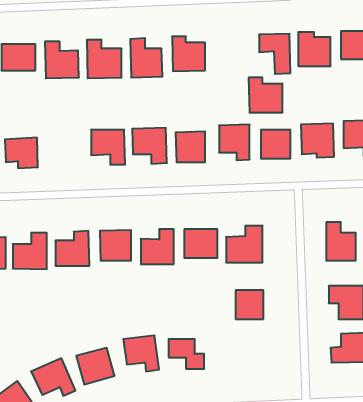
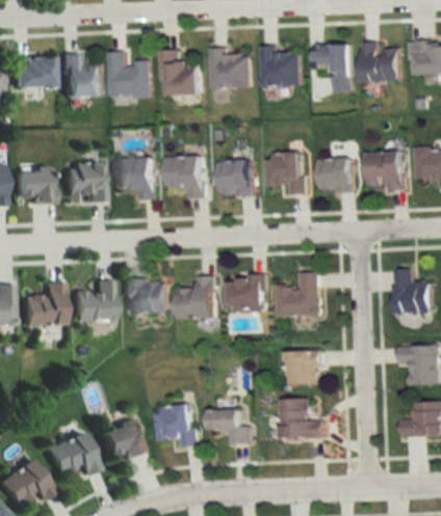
building: [249,78,283,112] -> [260,46,301,87]
building: none -> [63,162,102,201]
building: none -> [279,398,321,437]

